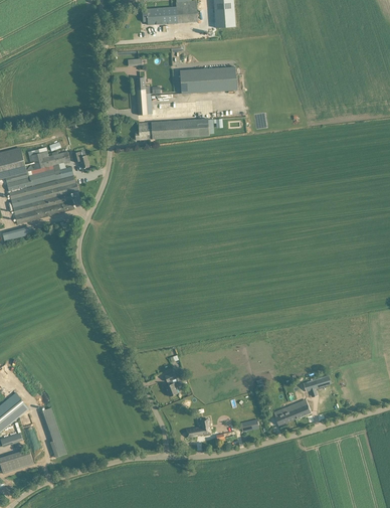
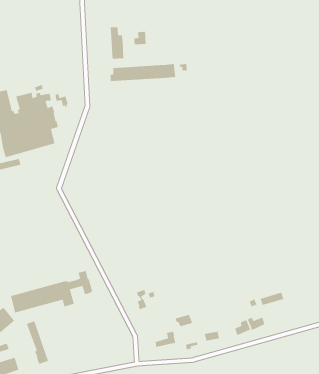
building: [180,65,237,93] -> none
building: none -> [10,270,93,314]

